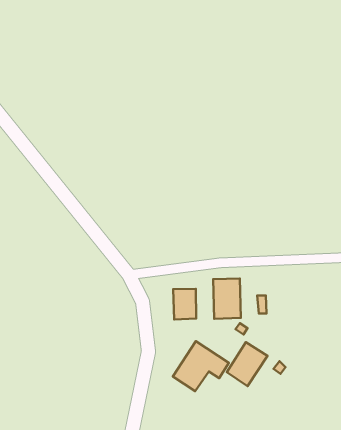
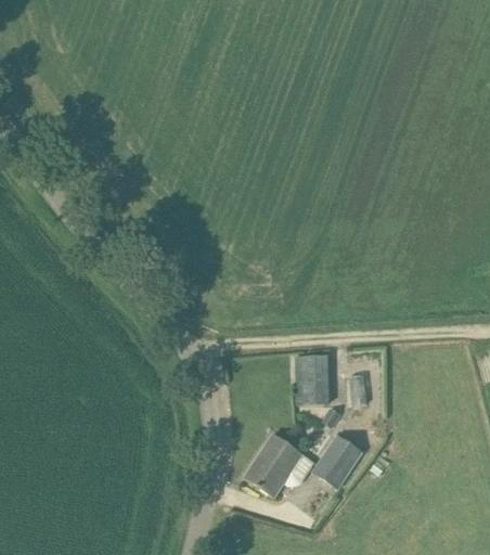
building: [173,289,196,319] -> none

